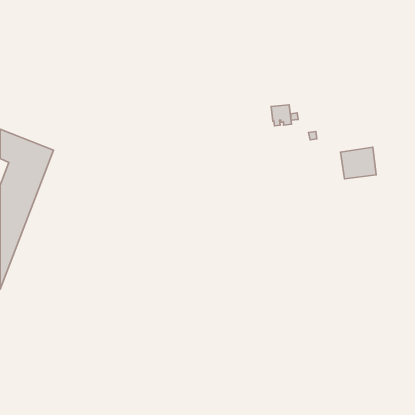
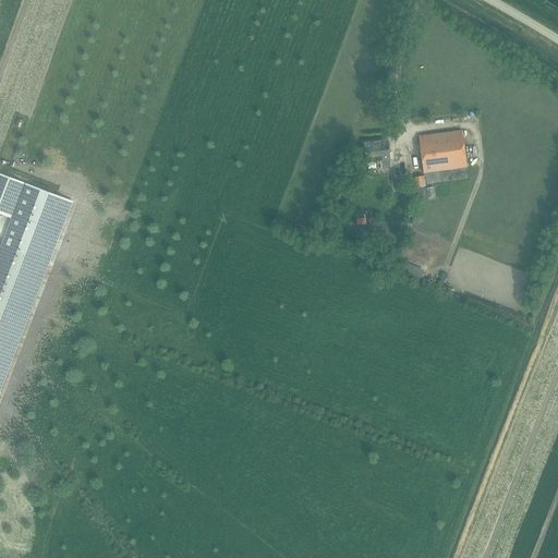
building: [340,147,376,179] -> [418,130,466,172]

